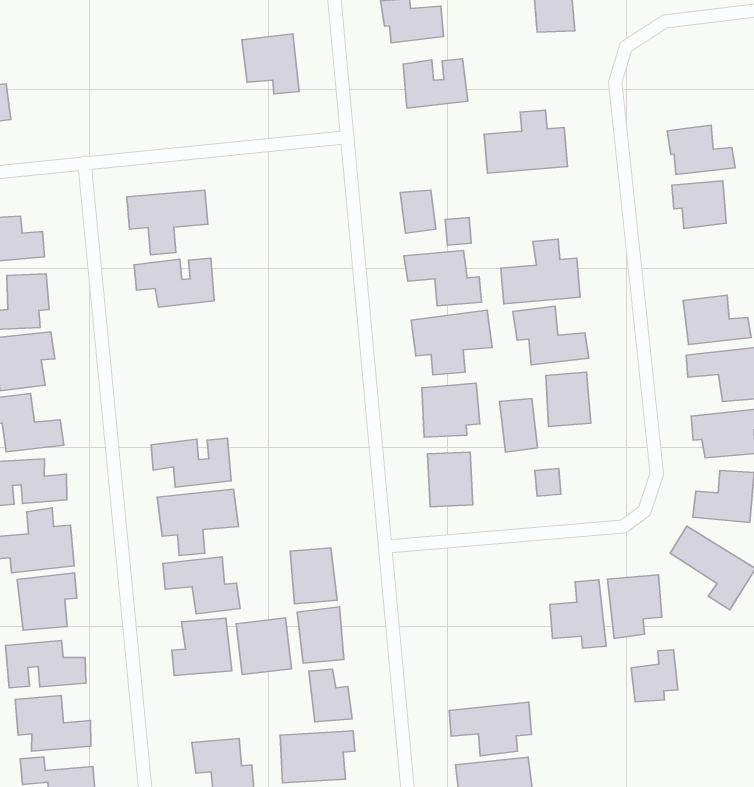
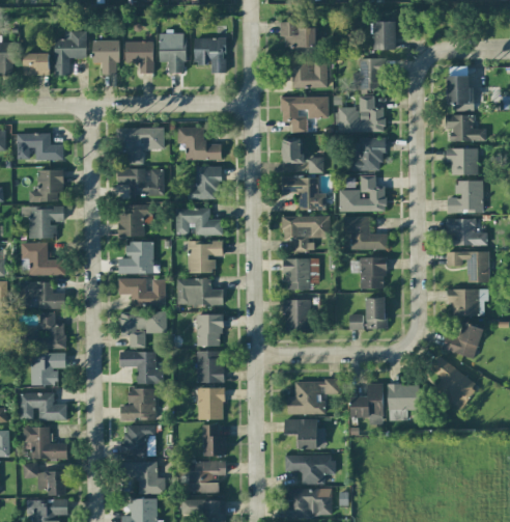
building: none -> [159,33,186,74]
building: none -> [54,31,86,76]
building: none -> [352,58,385,90]
building: none -> [124,42,153,74]
building: none -> [92,40,118,75]
building: none -> [447,76,474,109]
building: none -> [281,97,329,133]
building: none -> [352,138,384,170]
building: none -> [177,127,222,160]
building: none -> [447,181,483,213]
building: none -> [187,167,219,199]
building: none -> [175,208,222,235]
building: none -> [119,204,152,237]
building: none -> [188,240,223,273]
building: none -> [118,241,153,274]
building: [499,399,538,452] -> [366,298,387,329]
building: none -> [176,278,224,306]
building: none -> [196,314,222,347]
building: none -> [287,380,340,414]
building: [236,618,291,675] -> [124,424,155,457]
building: none -> [284,418,325,449]
building: [631,650,678,702] -> none

